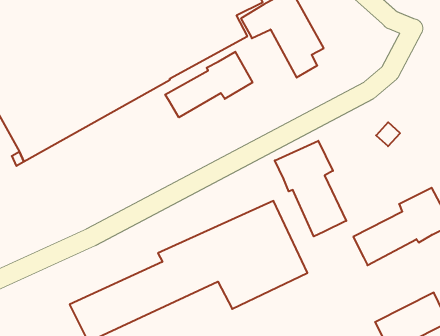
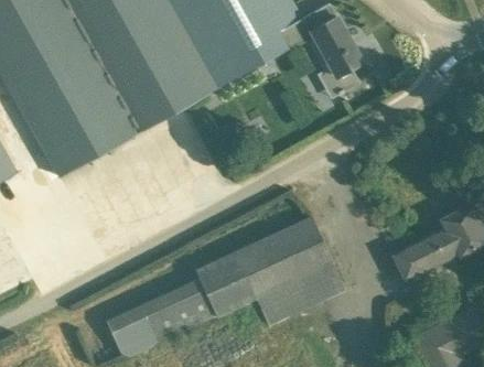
building: [165,52,252,117] -> none
building: [275,141,346,236] -> none

